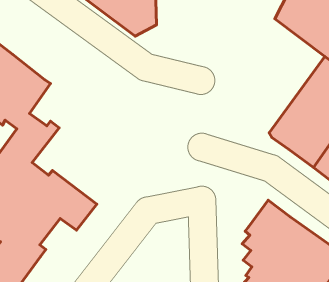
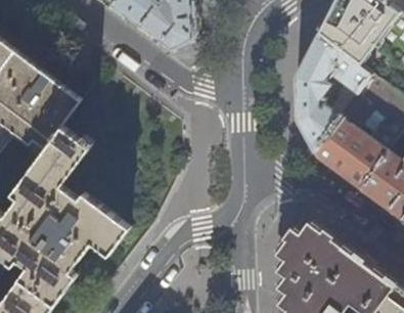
building: none -> [295,31,371,151]

